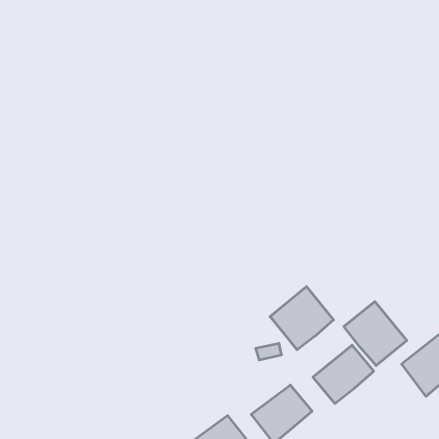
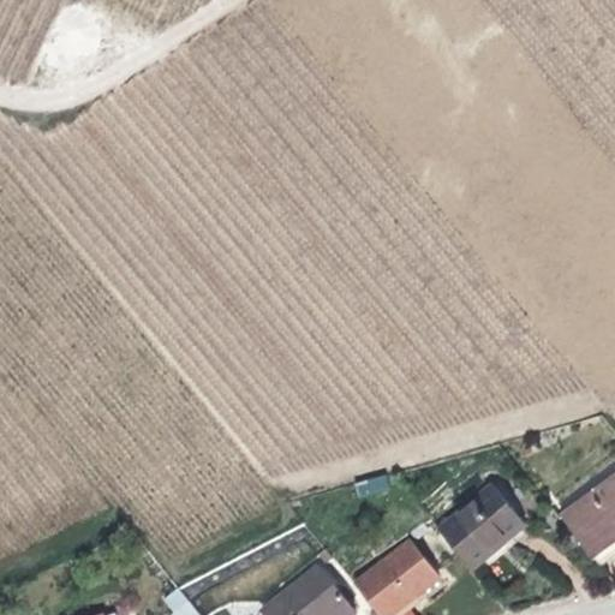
building: [270,287,334,350] -> none
building: [344,302,407,366] -> none

